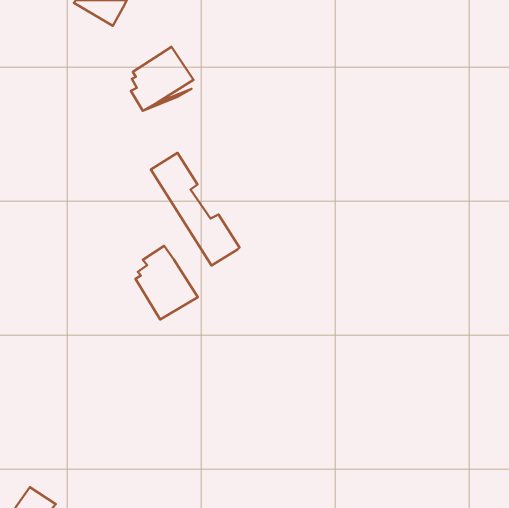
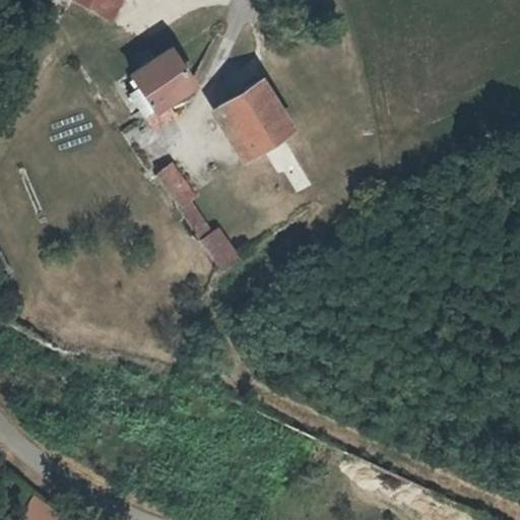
building: none -> [220,83,289,154]
building: [135,246,198,320] -> none

